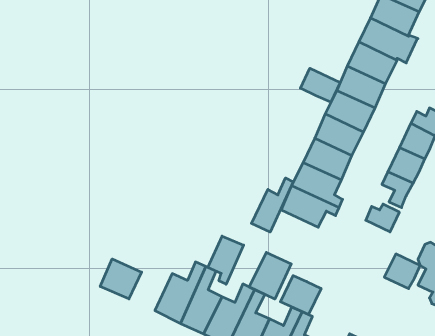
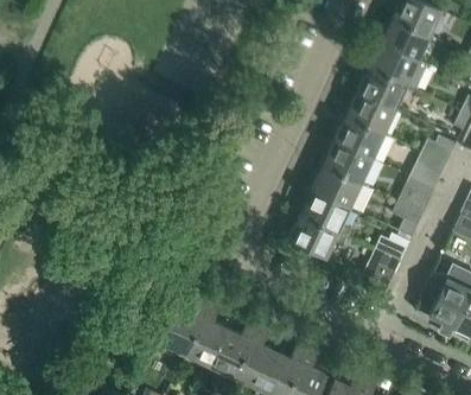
building: [300,68,340,102] -> none
building: [251,178,293,232] -> none
building: [208,236,244,284] -> none
building: [249,252,291,299] -> none
building: [384,254,420,289] -> [363,250,400,286]
building: [100,259,142,299] -> none
building: [280,276,321,315] -> none

